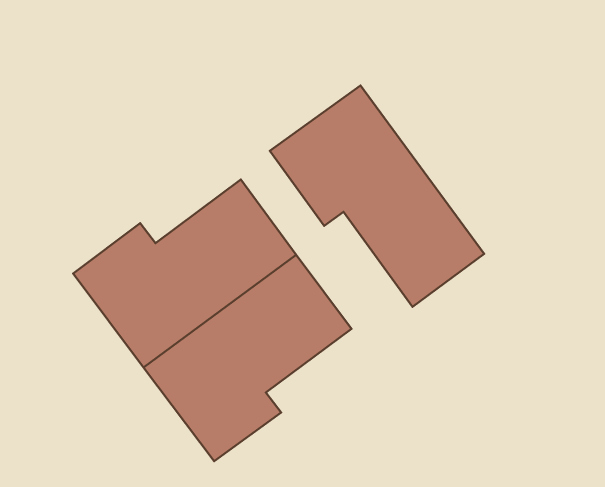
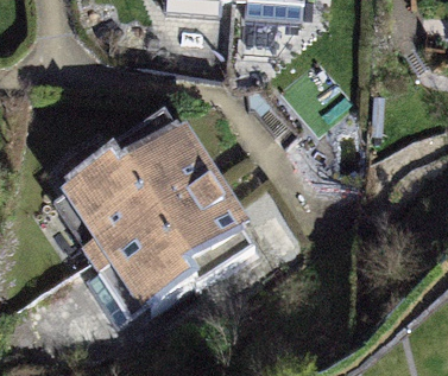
building: [270,86,484,307] -> none

